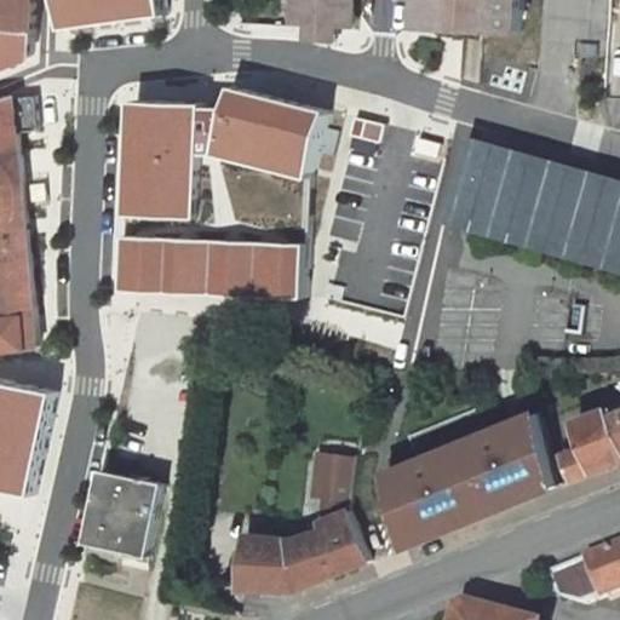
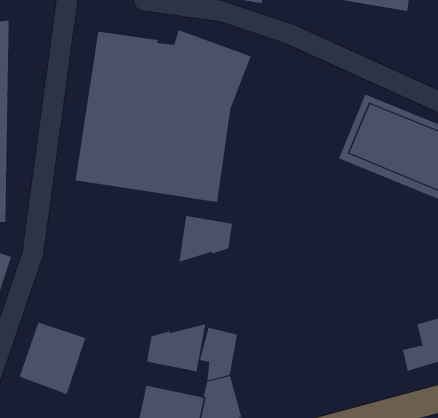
building: none -> [179,215,233,262]
building: [379,417,542,544] -> none
building: none -> [147,324,206,372]

